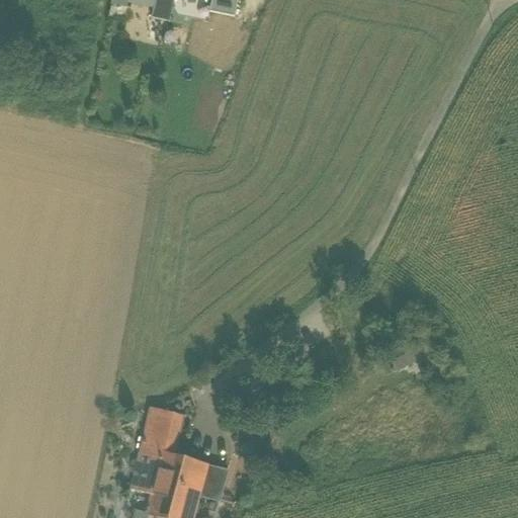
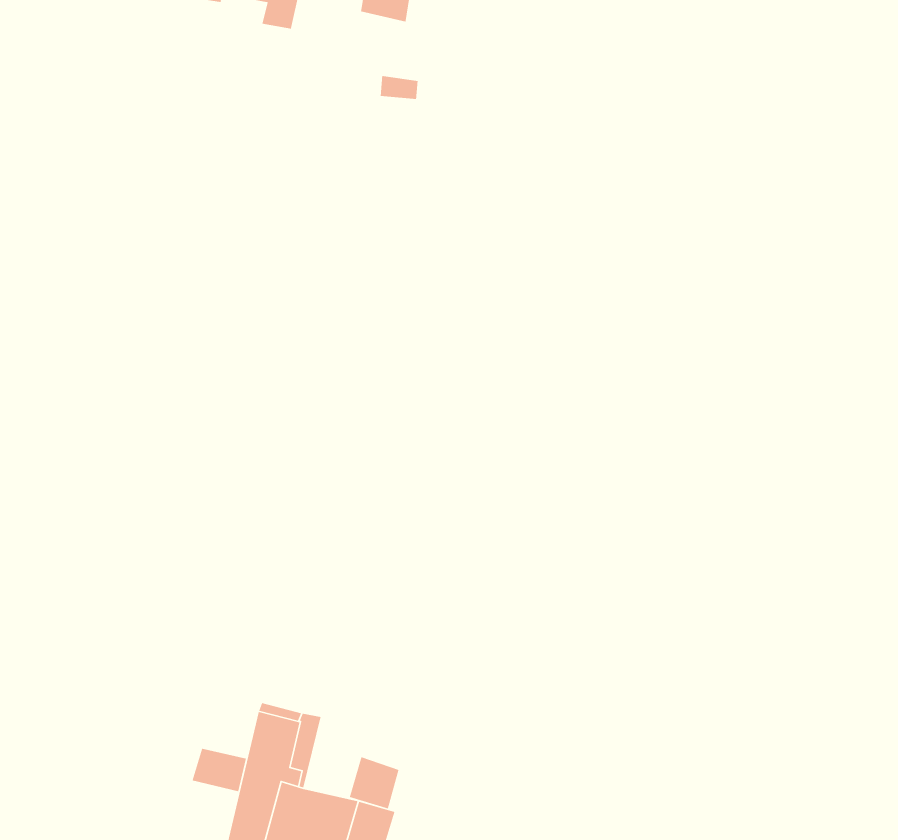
building: none -> [192,748,247,792]
building: none -> [349,756,400,809]

